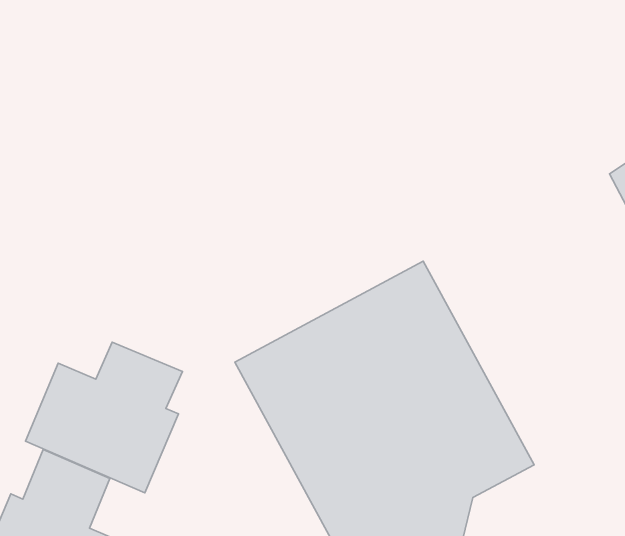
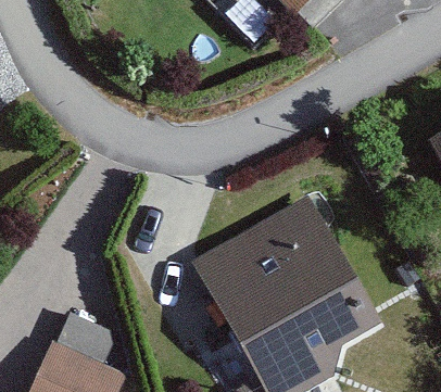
building: [26,342,182,493] -> none

